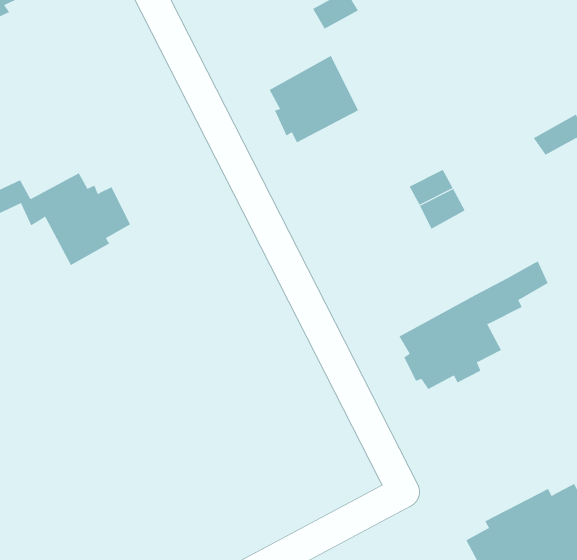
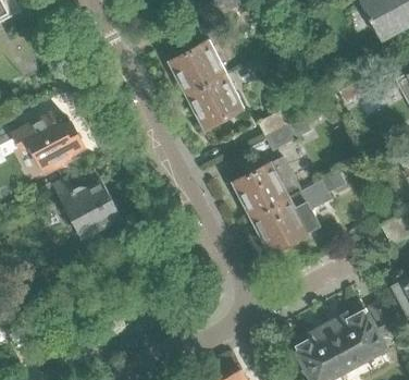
building: none -> [188,74,245,127]
building: none -> [234,156,300,217]
building: none -> [42,177,120,236]

